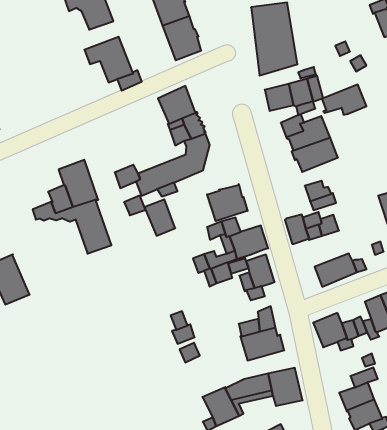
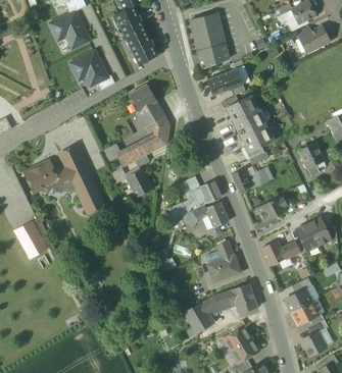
building: [322,85,367,115] -> [241,124,275,148]
building: none -> [26,161,58,191]
building: [207,184,248,221] -> none

